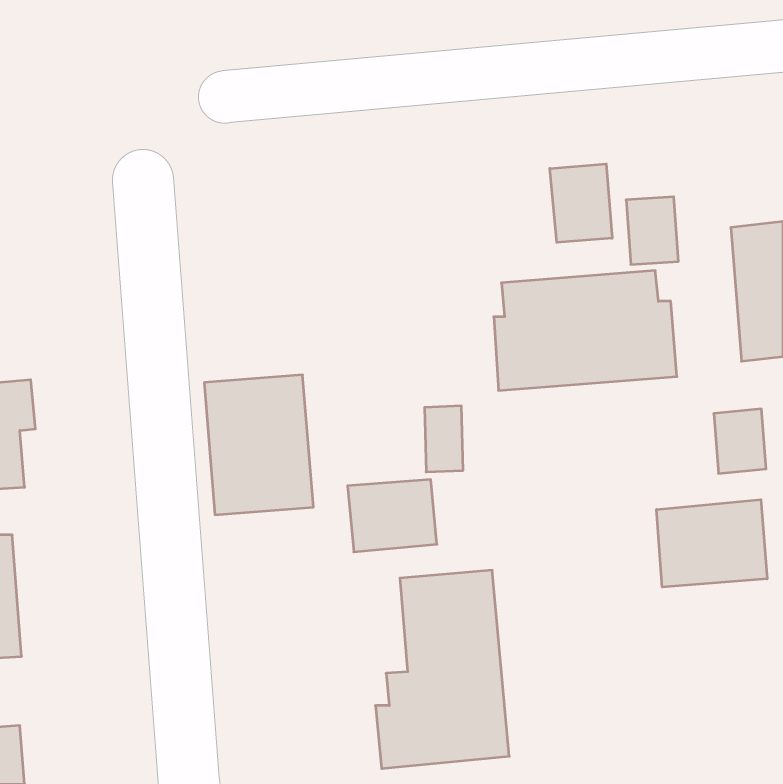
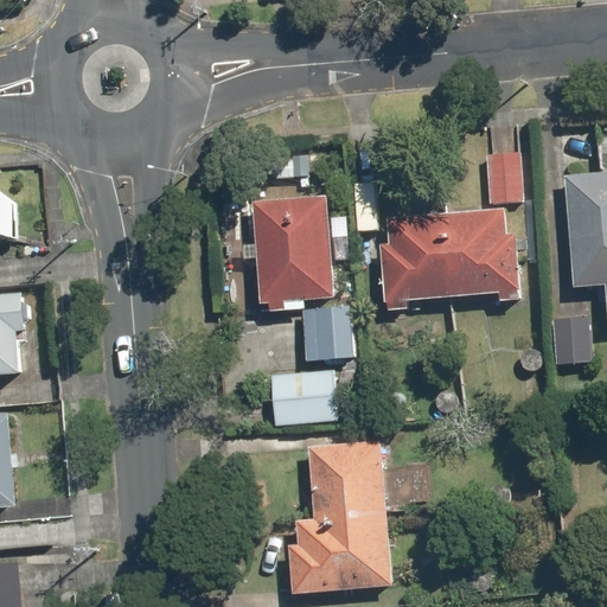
building: [550,164,612,242] -> none
building: [204,375,313,515] -> [251,196,336,304]
building: [657,500,767,587] -> none

